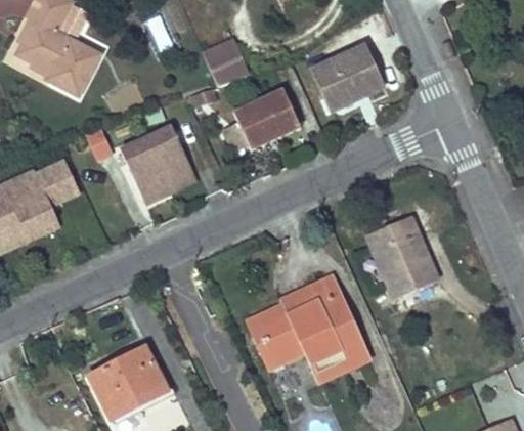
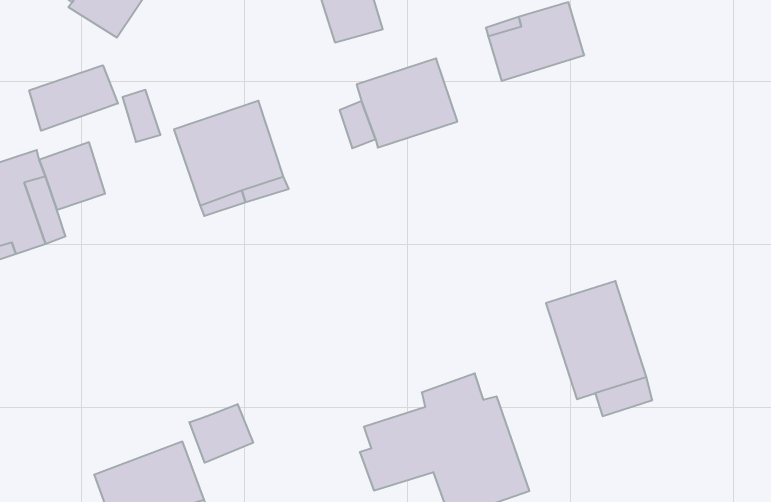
building: none -> [29,65,118,131]
building: [248,276,342,344] -> none
building: none -> [189,404,253,463]

